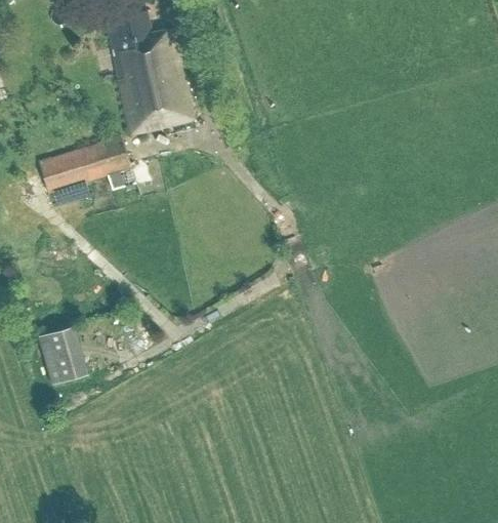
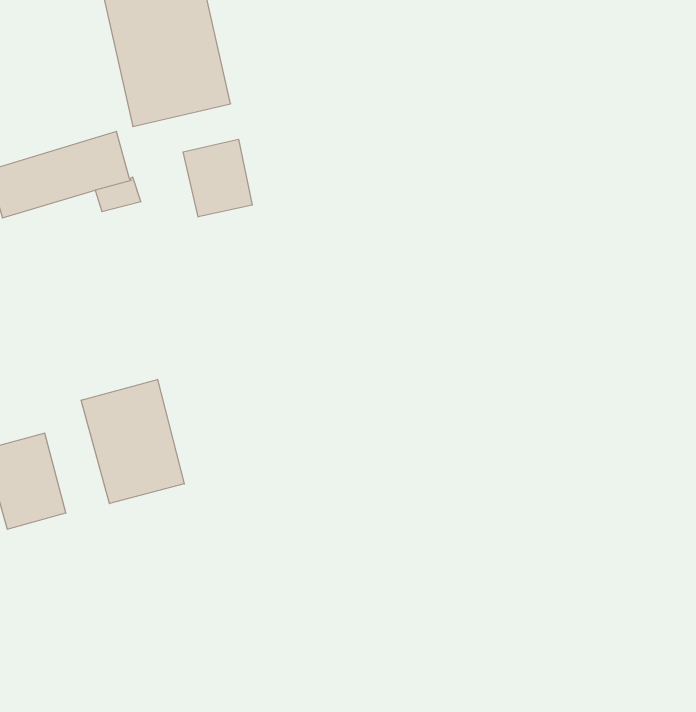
building: none -> [183,139,252,217]
building: none -> [81,379,184,504]

